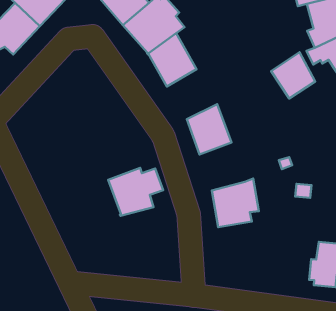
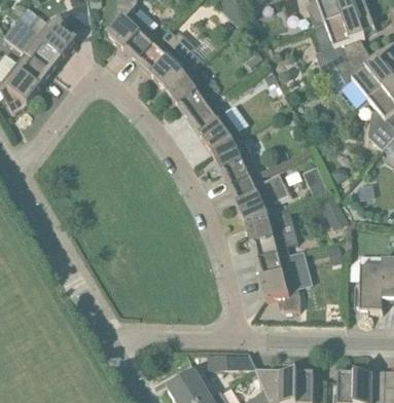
building: [271,52,315,99] -> none
building: none -> [188,101,242,153]
building: [108,168,163,216] -> [228,172,286,224]
building: none -> [255,252,300,309]

